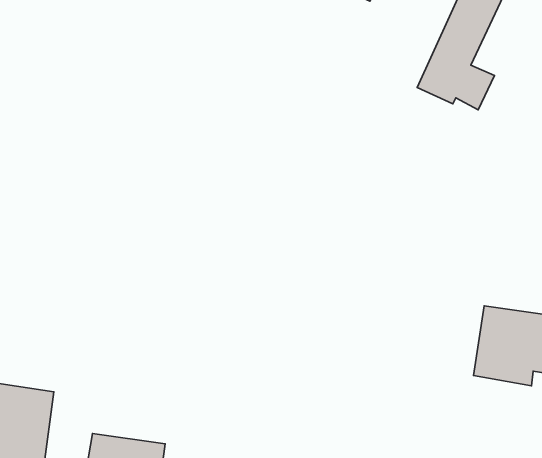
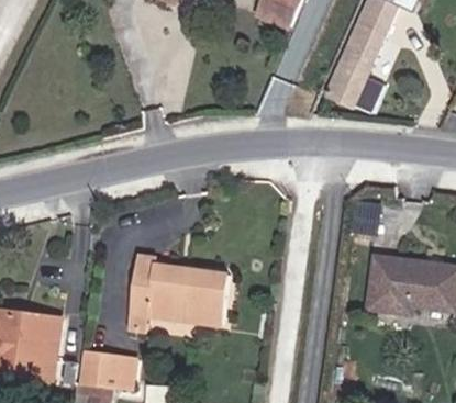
building: none -> [129,256,222,332]

